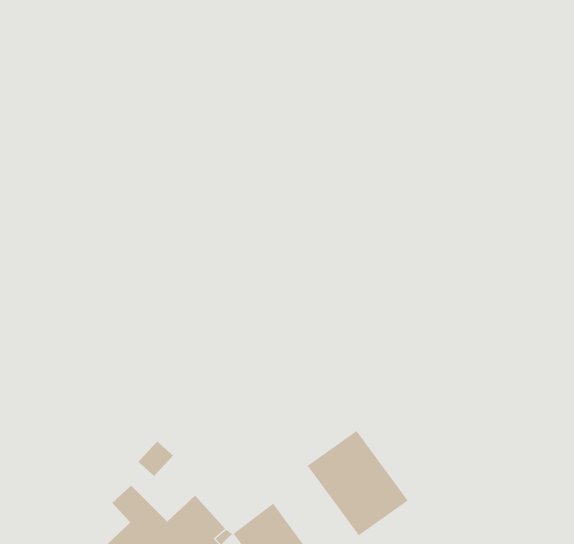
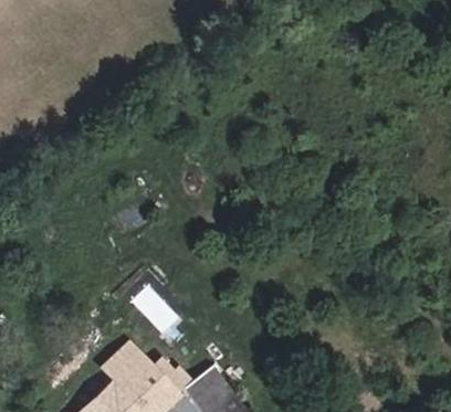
building: [307,430,408,536] -> none

